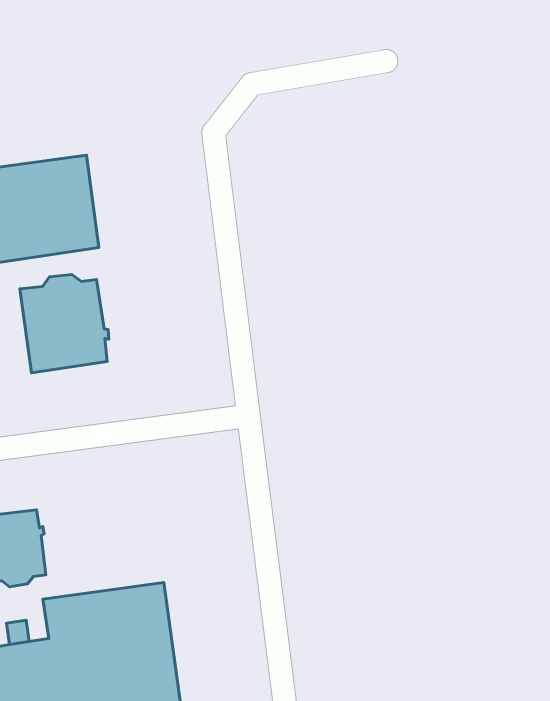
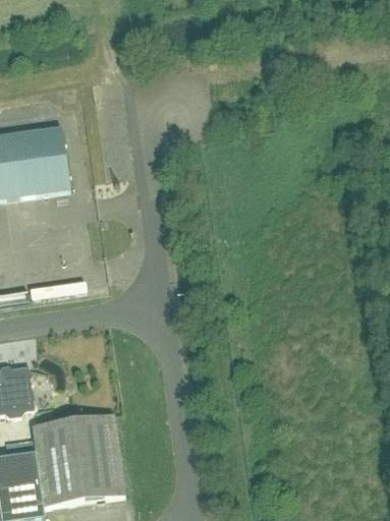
building: [20,274,109,373] -> none

